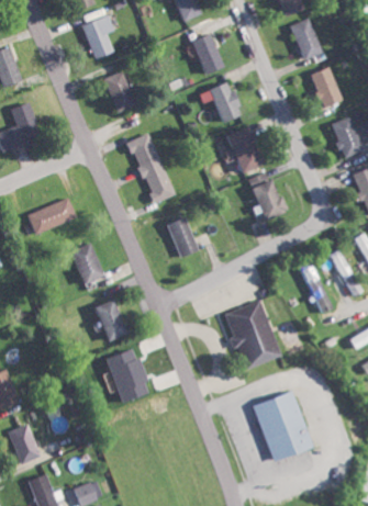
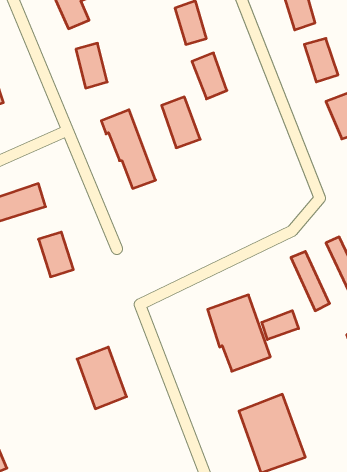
building: [227,126,263,172] -> [162,97,200,148]
building: [250,172,282,218] -> none
building: [166,216,199,257] -> none
building: [93,299,127,342] -> none
building: none -> [262,311,299,340]

